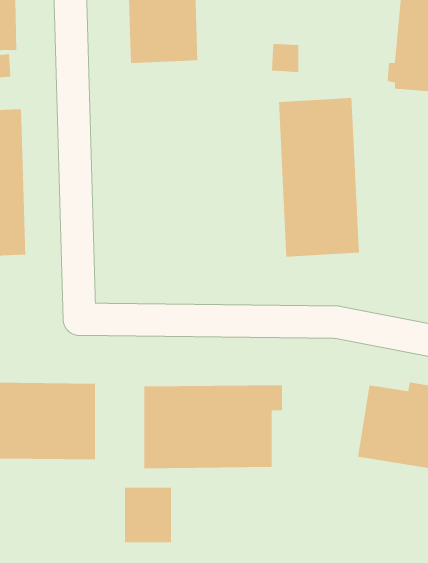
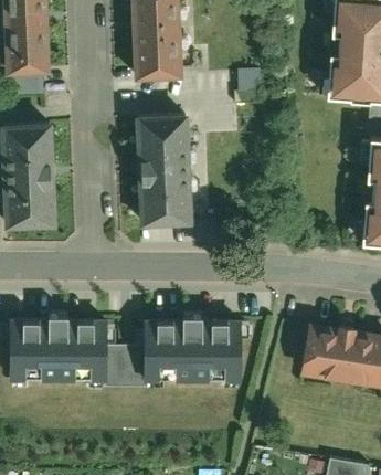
building: [278,97,360,257] -> [134,105,194,224]
building: [124,487,172,543] -> [108,344,144,386]

